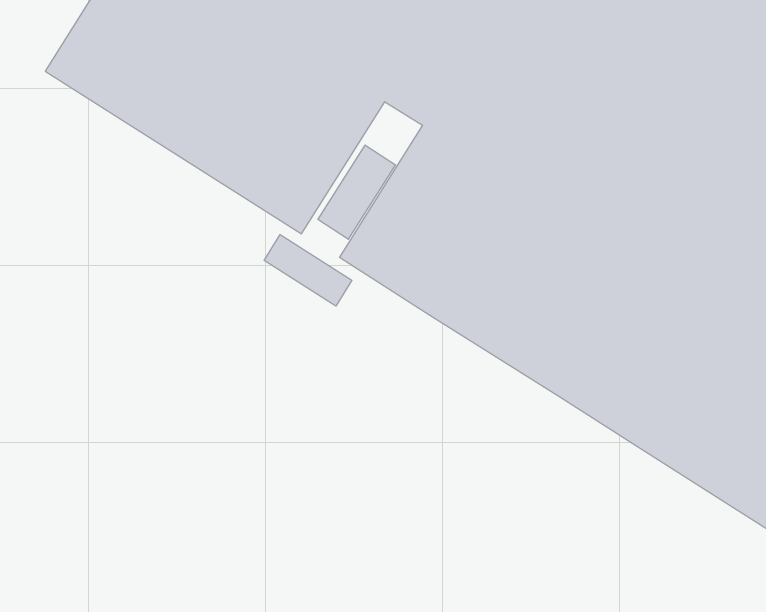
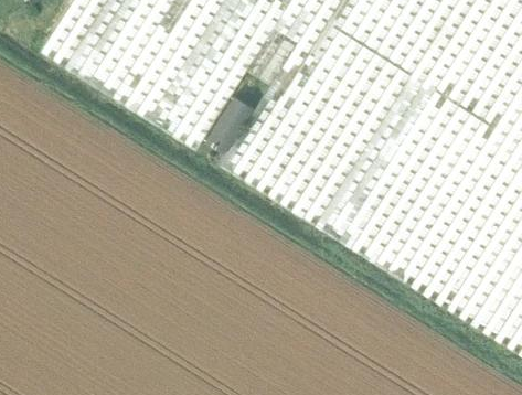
building: [264,235,352,306] -> none

